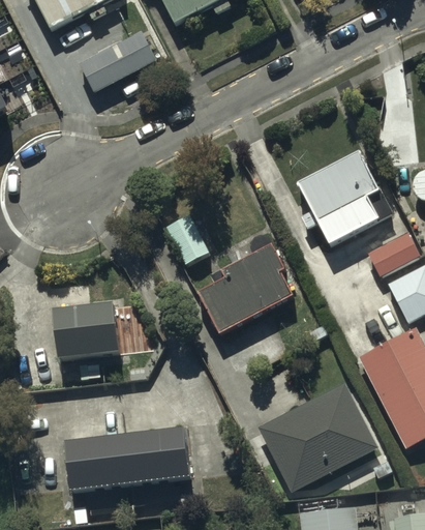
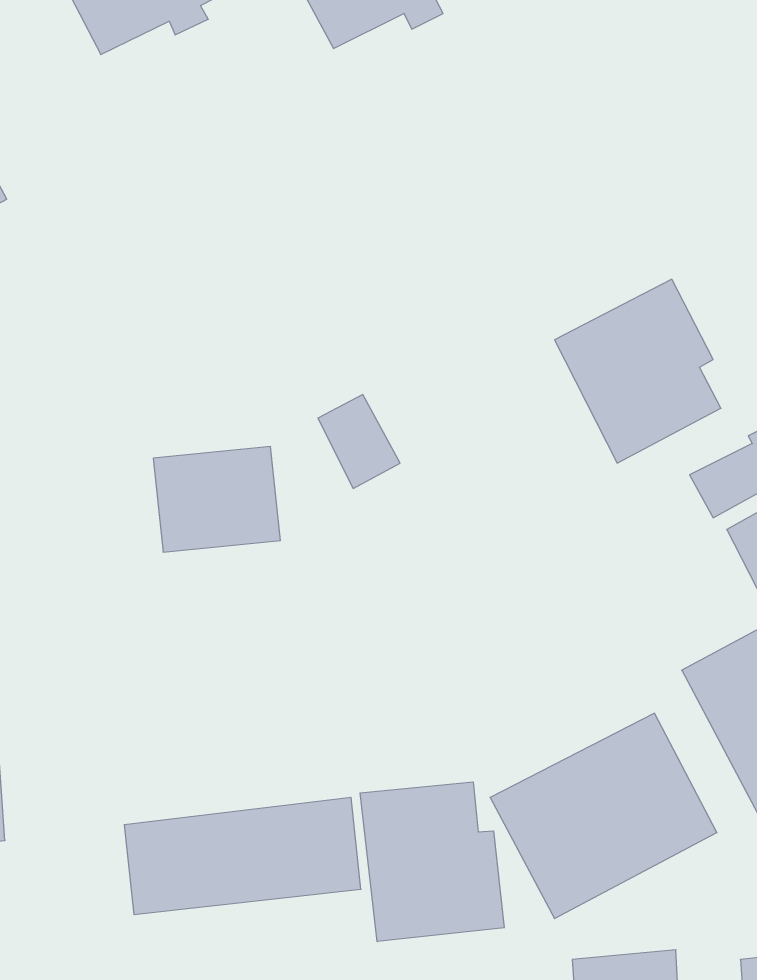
building: [81,34,160,95] -> none
building: [200,241,295,332] -> none
building: [55,300,122,356] -> [153,447,280,552]
building: none -> [360,782,504,942]

